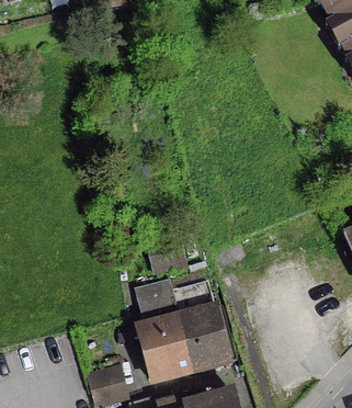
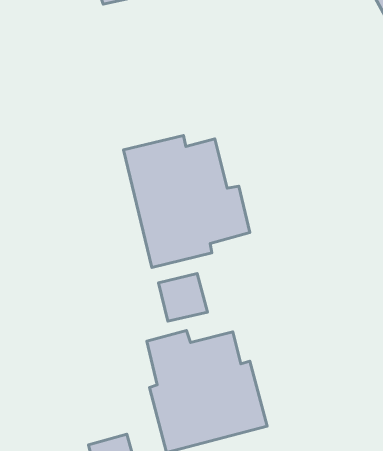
building: none -> [123,136,250,267]

